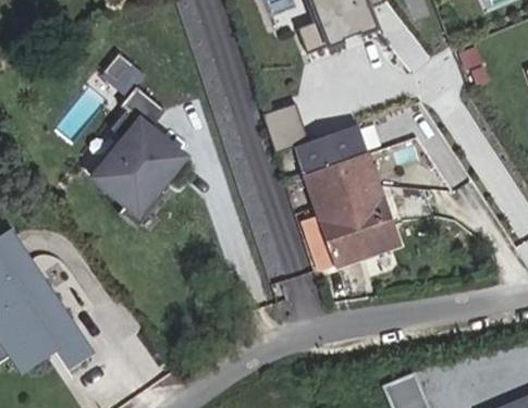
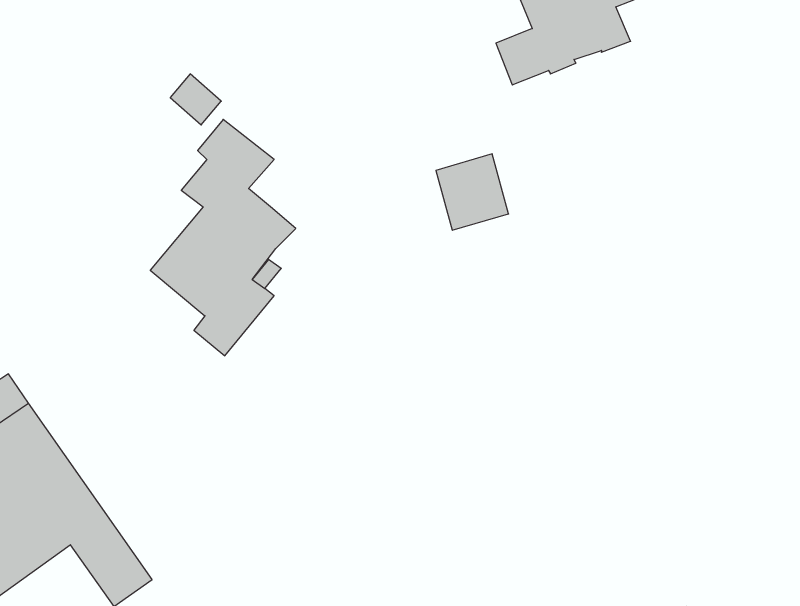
building: [291,126,394,265] -> none

